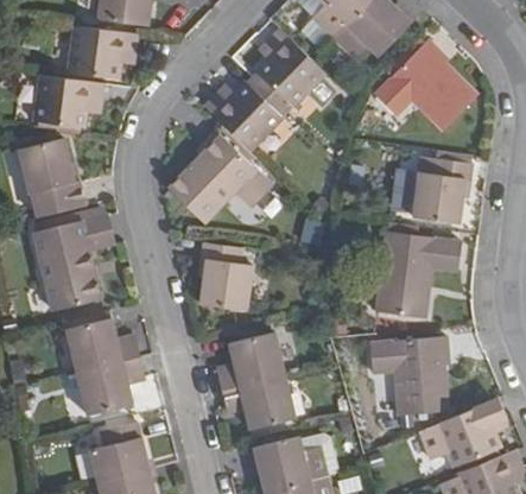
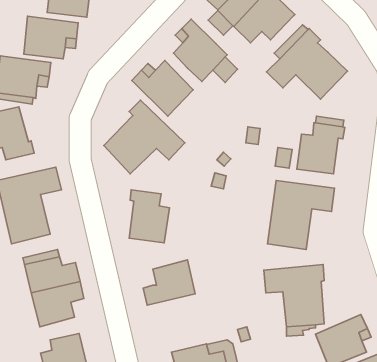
building: [223,374,294,428] -> none

